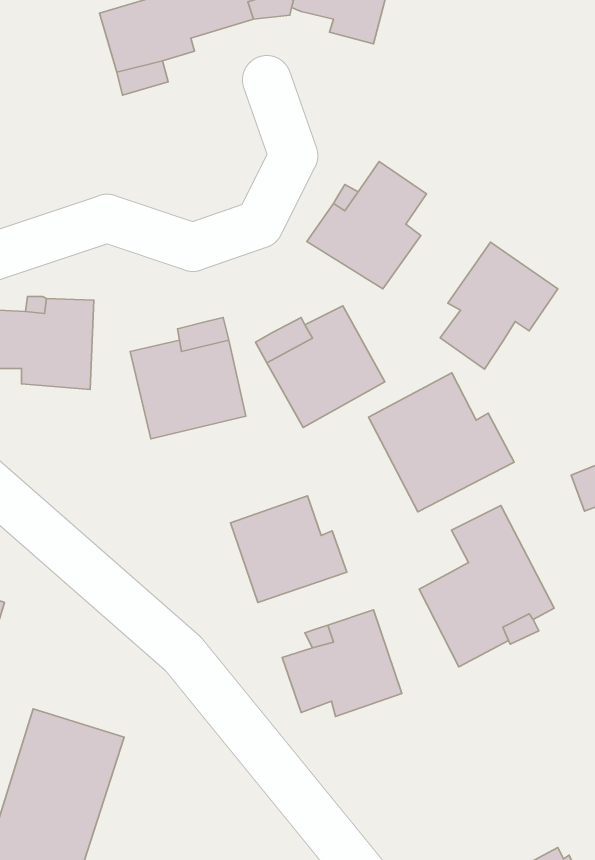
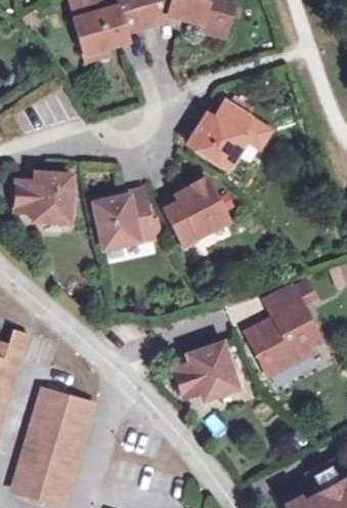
building: [440,242,558,369] -> none
building: [369,373,514,512] -> none
building: [231,496,347,603] -> none

